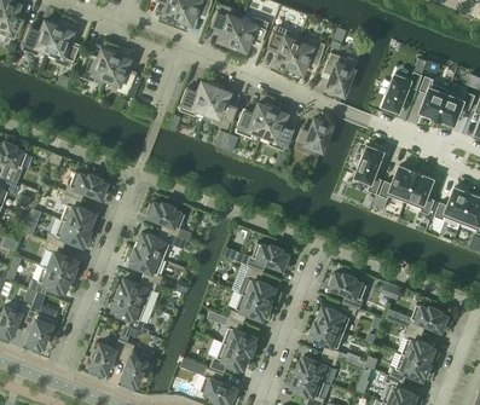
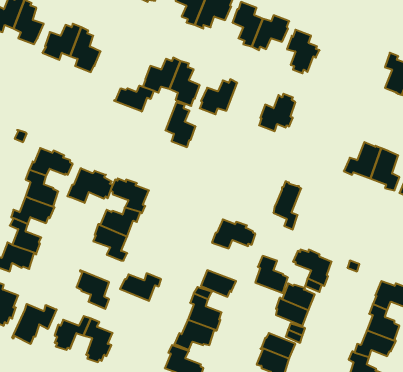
building: [384,71,423,111] -> none
building: [262,106,293,151] -> [165,102,196,147]
building: none -> [114,86,154,112]
building: [357,145,384,193] -> [273,181,301,230]
building: none -> [67,168,112,203]
building: [243,267,276,305] -> [255,256,288,293]
building: [116,278,157,306] -> [120,273,161,301]
building: none -> [12,304,57,344]

